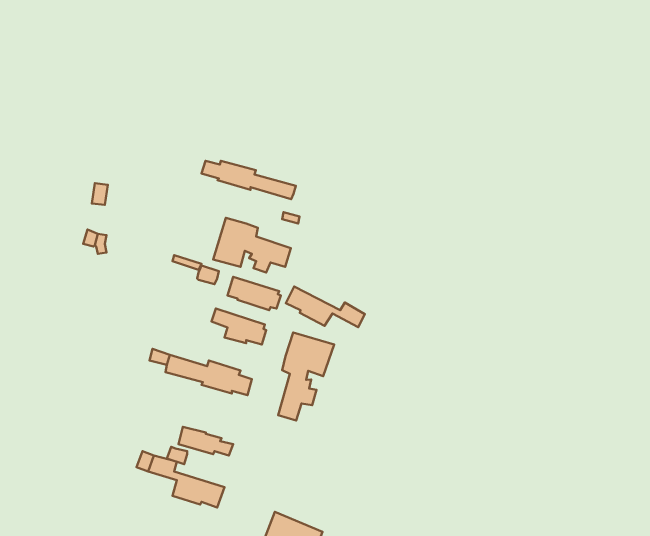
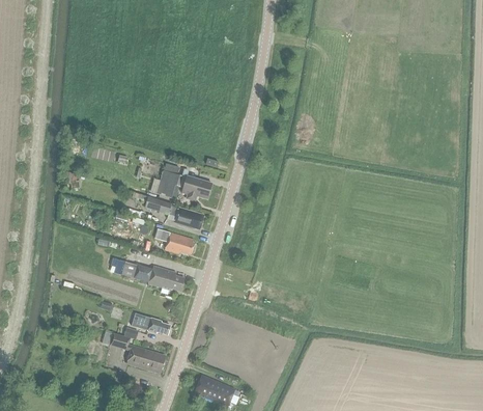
building: [202,161,296,199] -> none
building: [286,287,365,327] -> none
building: [278,332,334,421] -> none

